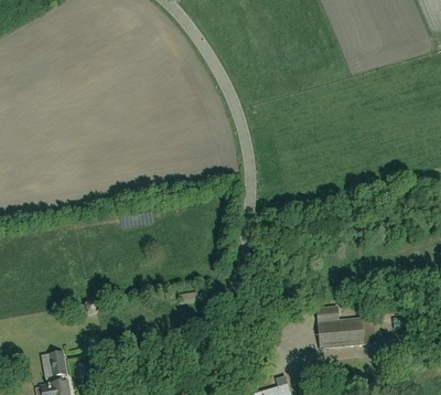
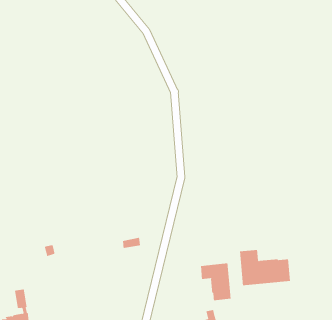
building: none -> [200,263,231,301]

